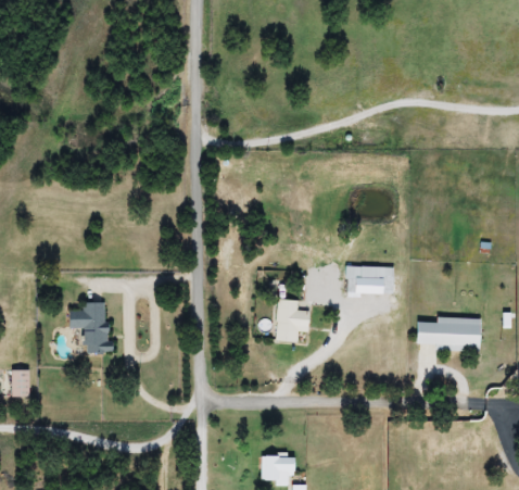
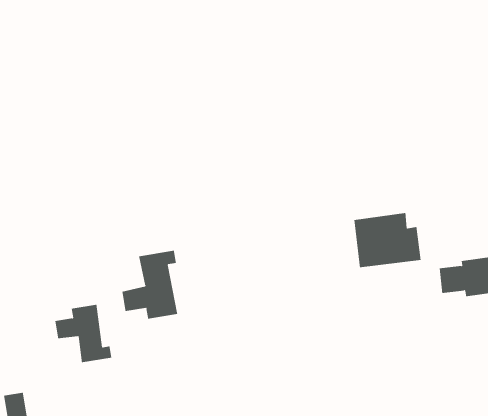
building: none -> [122,250,178,319]
building: [277,299,311,342] -> none

